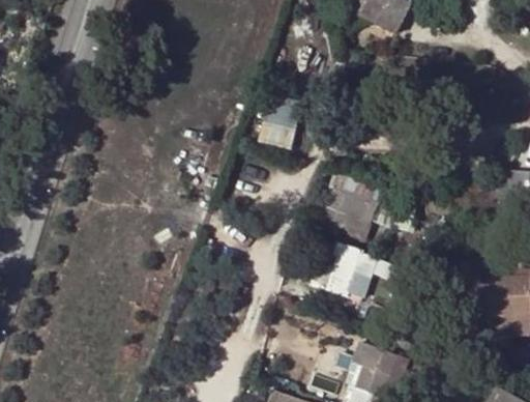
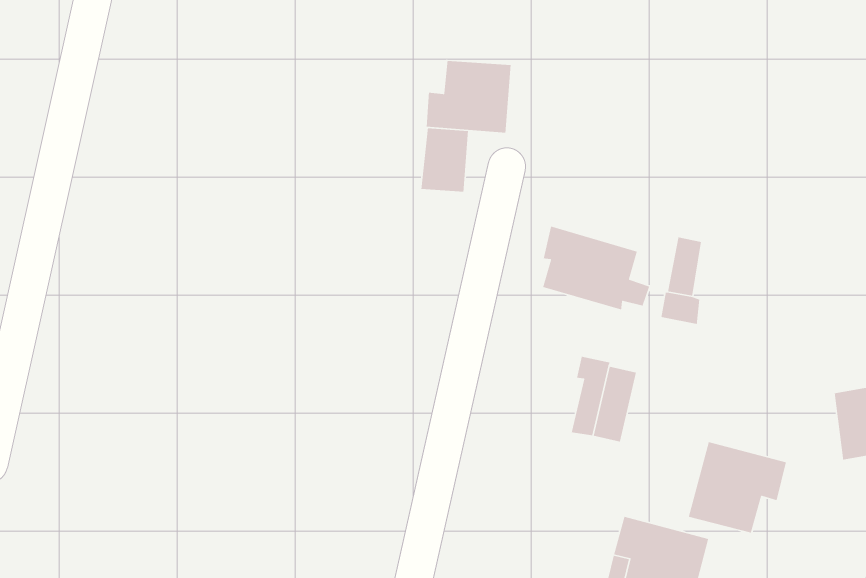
building: none -> [426,60,512,133]
building: [319,204,372,241] -> none
building: none -> [688,441,787,533]

